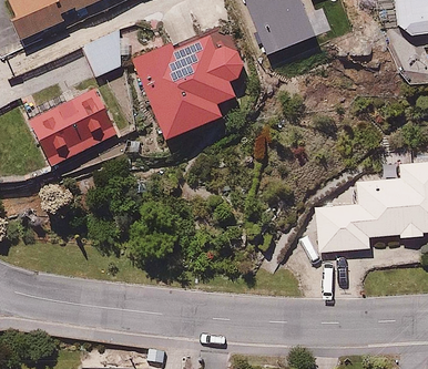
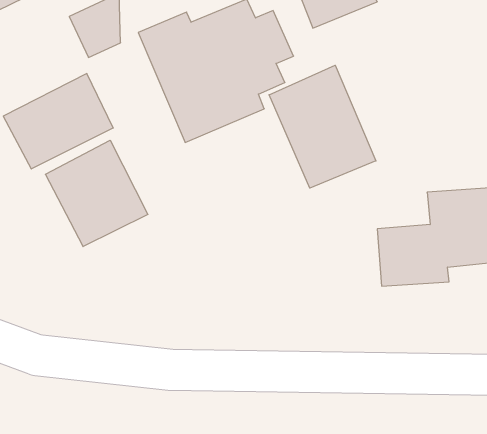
building: none -> [269,65,376,188]
building: none -> [45,140,148,247]

